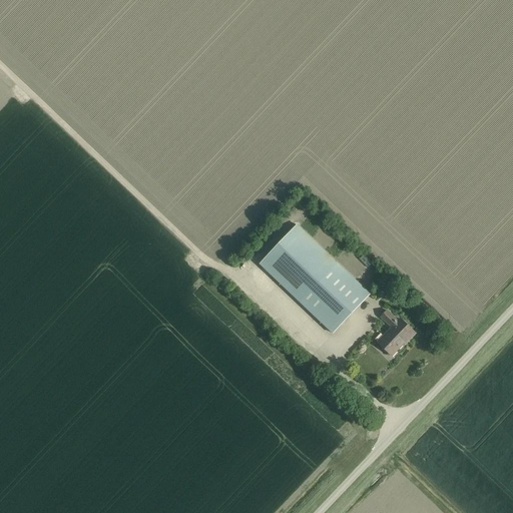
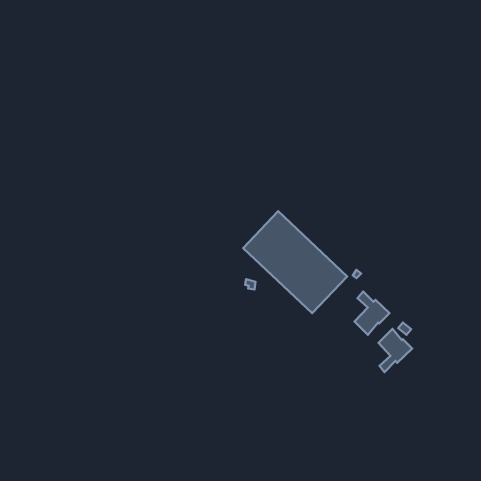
building: none -> [378,329,412,372]

